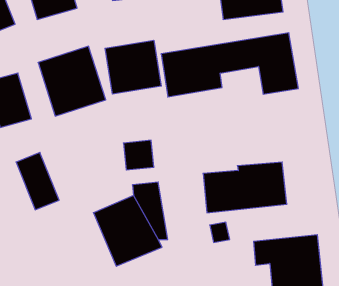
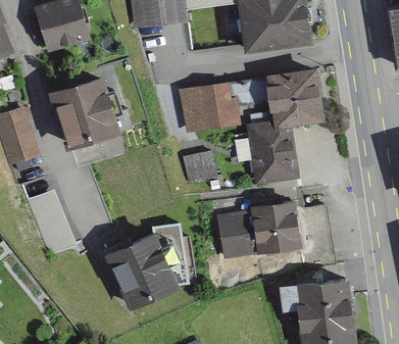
building: [105,40,161,94] -> none
building: none -> [241,118,307,184]
building: [123,140,154,170] -> [183,152,215,184]

